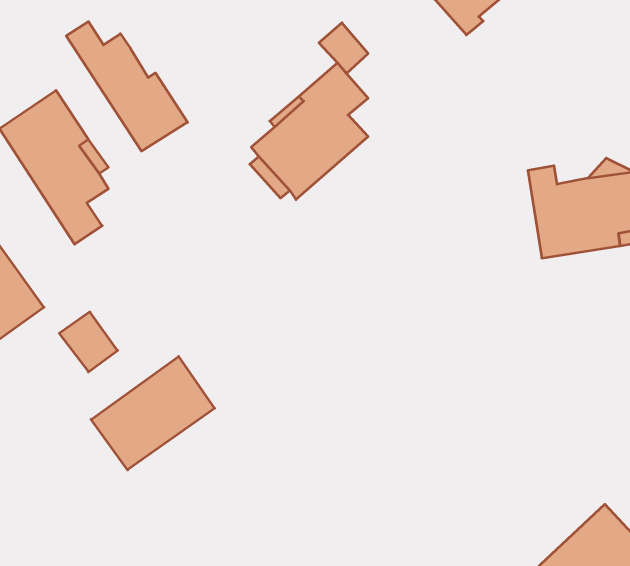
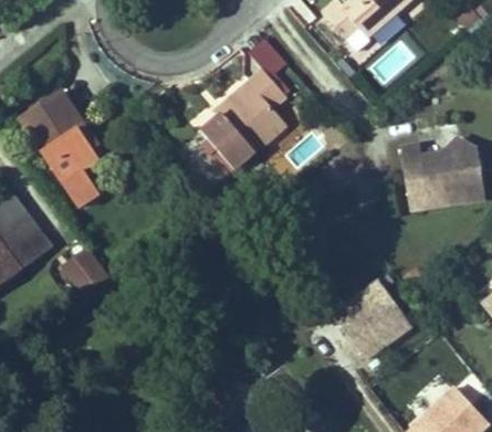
building: [66,22,188,151] -> none
building: none -> [332,277,412,358]
building: [91,356,215,470] -> none

